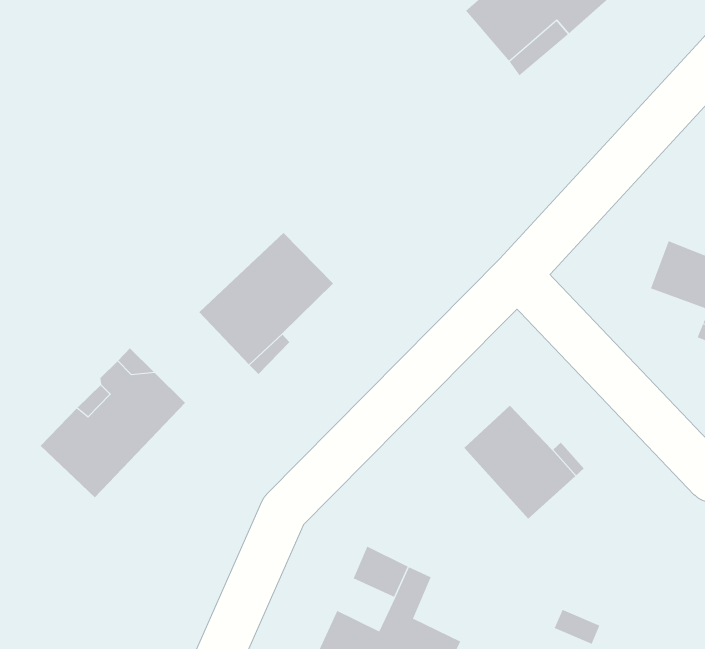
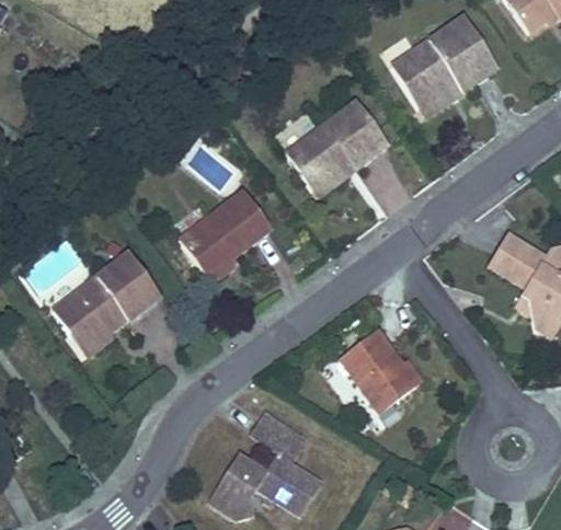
building: none -> [283,97,391,192]

